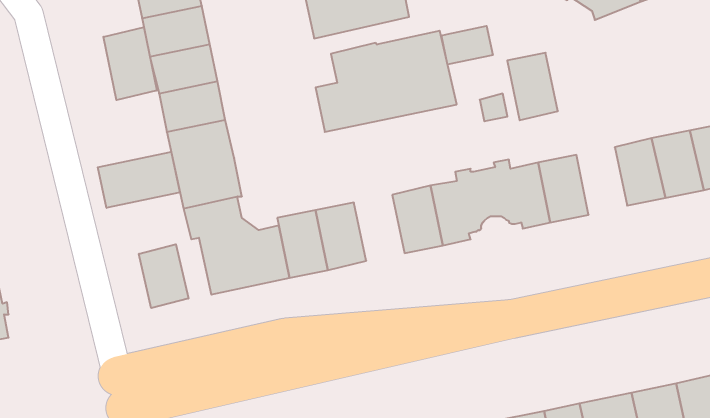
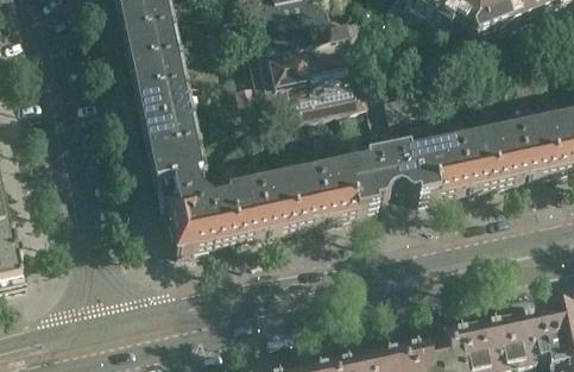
building: [441,26,493,64] -> none
building: [103,27,157,100] -> none
building: [507,53,558,120] -> [460,131,499,183]
building: [98,152,180,208] -> none
building: none -> [288,168,327,219]
building: [139,244,188,308] -> none

